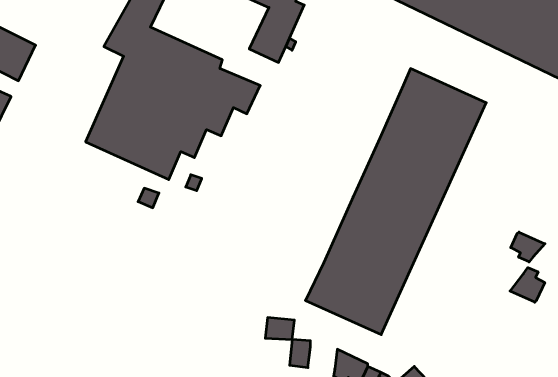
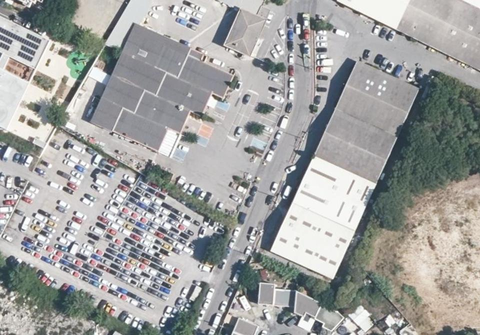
building: [511,232,545,262] -> none
building: [510,268,545,302] -> none
building: [265,318,294,340] -> [272,288,296,306]

